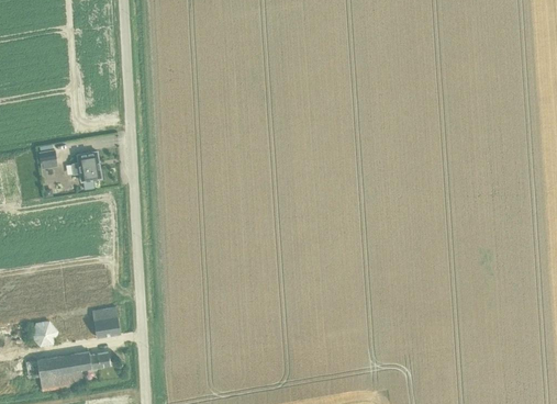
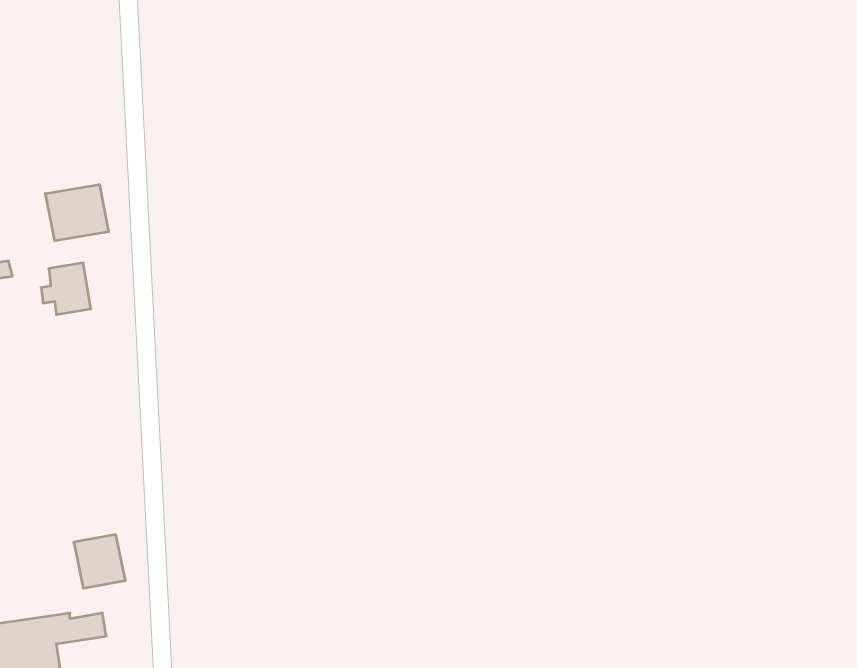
building: none -> [45,184,109,241]

